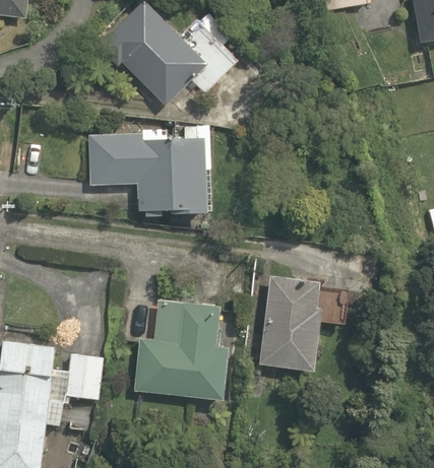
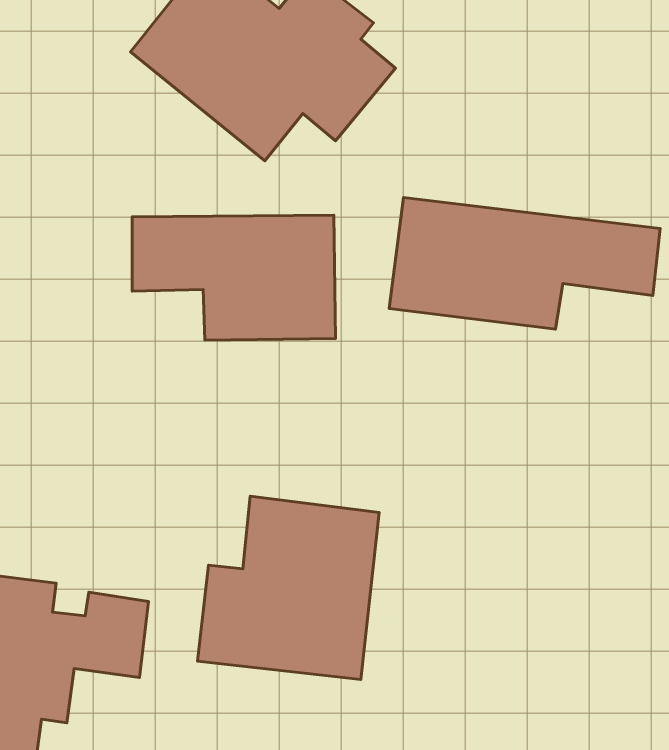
building: none -> [389,197,660,329]
building: [253,275,351,365] -> none

